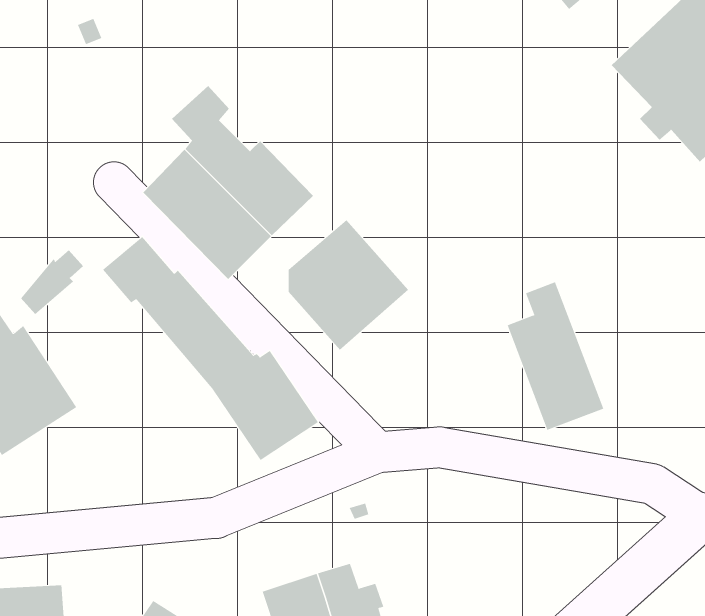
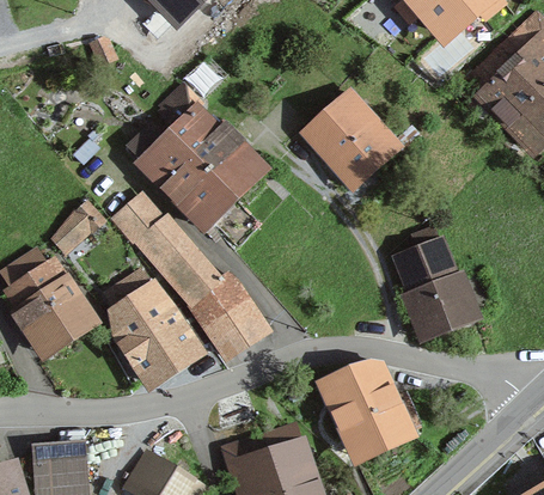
building: [288,220,409,350] -> [311,94,397,188]
building: none -> [105,273,197,384]
building: none -> [317,363,418,457]

